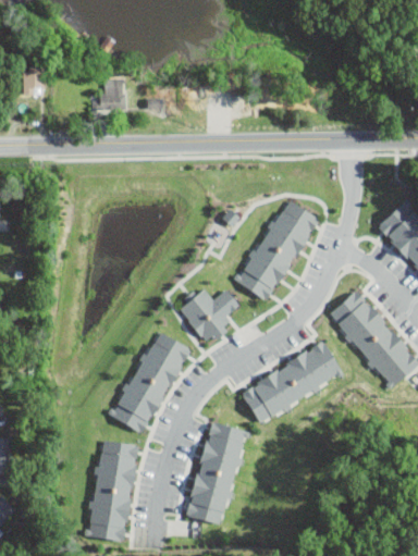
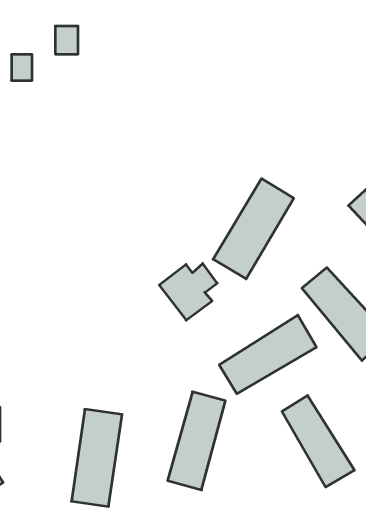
building: [101,81,125,110] -> [55,26,78,54]
building: [108,330,189,435] -> none
building: none -> [282,395,354,487]

